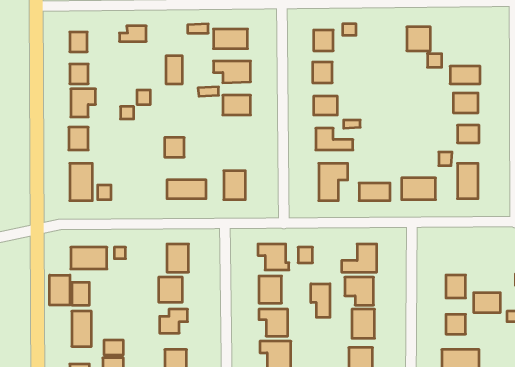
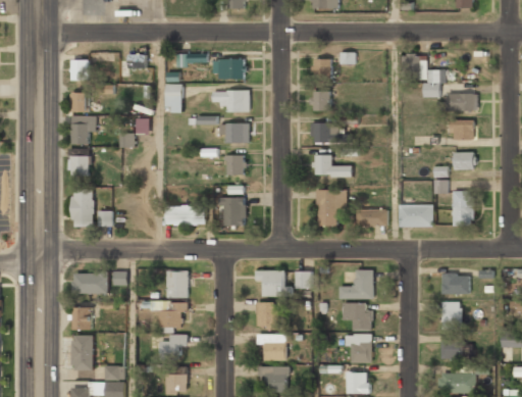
building: [165,138,184,157] -> [225,155,245,175]
building: [50,275,70,305] -> none
building: [311,284,330,317] -> none
building: [474,293,500,312] -> [442,272,469,292]

